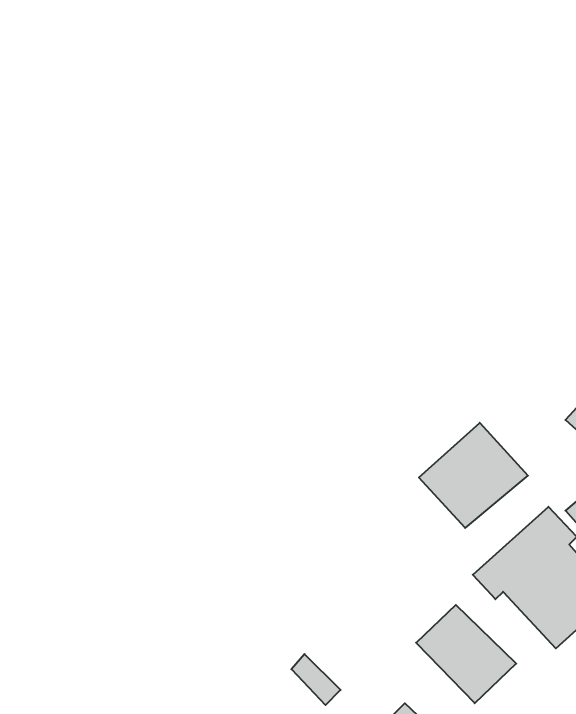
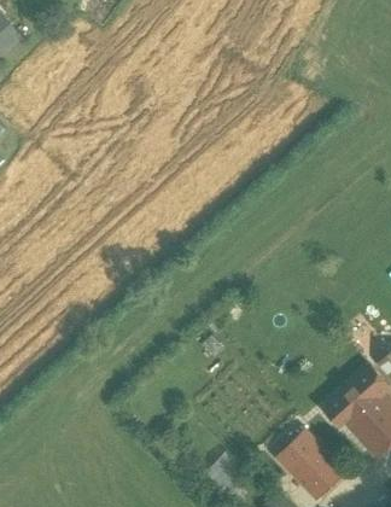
building: [419,423,528,528] -> none

